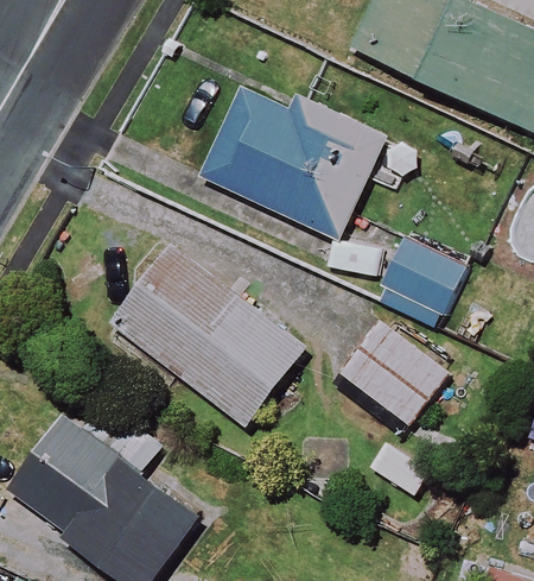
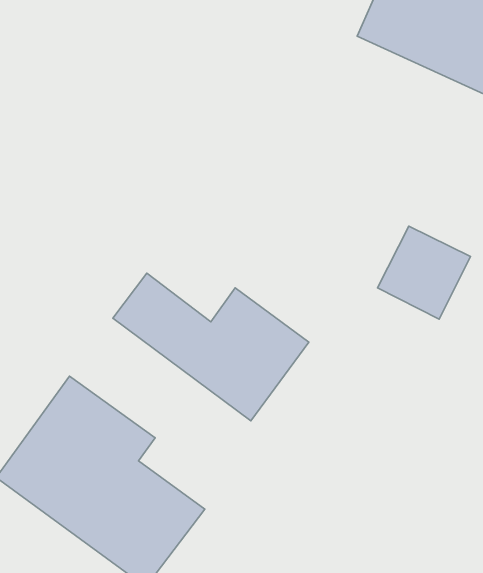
building: [202,84,407,238] -> none
building: [335,321,450,432] -> none

